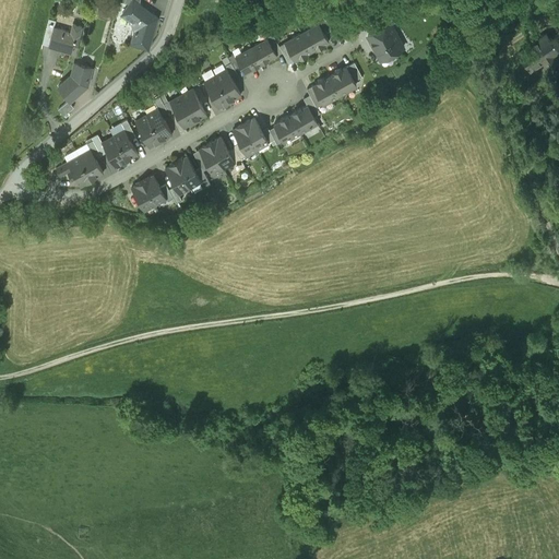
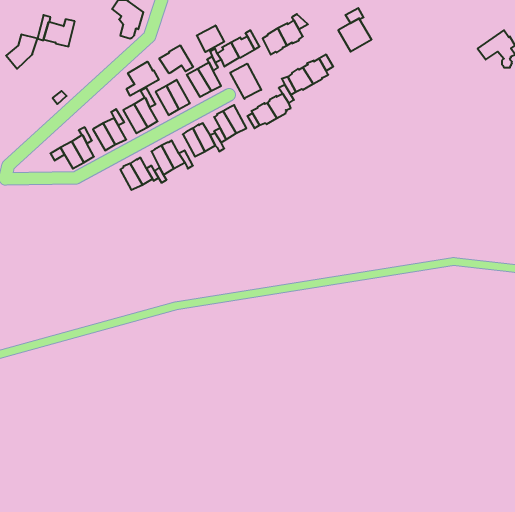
building: none -> [197,25,224,52]
building: none -> [159,45,193,73]
building: [57,64,91,102] -> [6,34,37,69]
building: none -> [127,62,159,96]
building: none -> [230,64,261,99]

